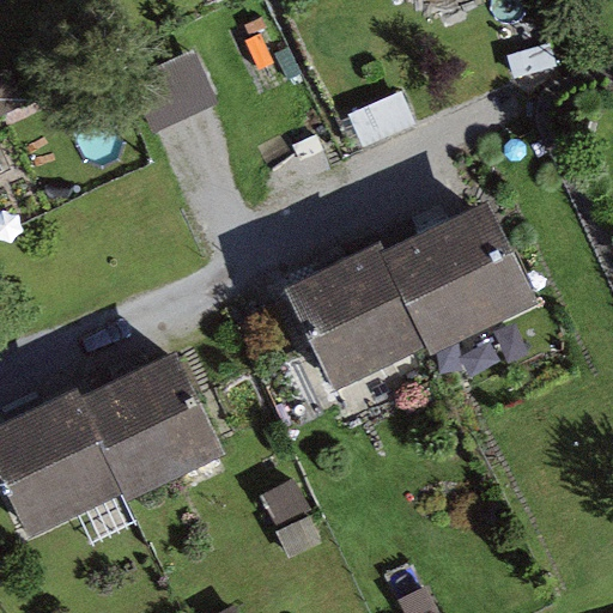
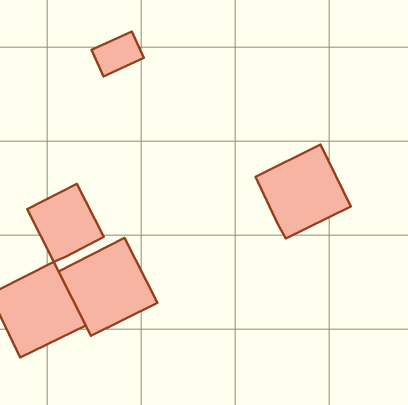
building: [279,247,414,378] -> none
building: none -> [27,184,104,262]

